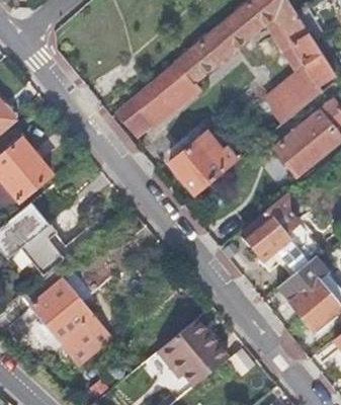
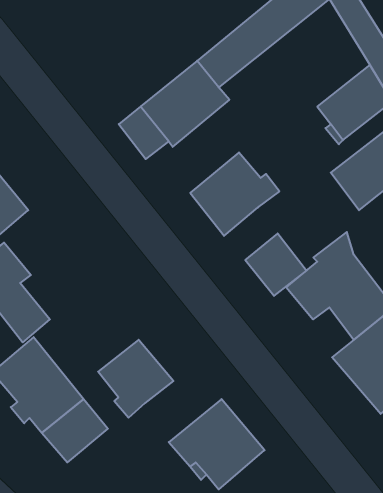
building: none -> [245,233,307,296]
building: none -> [98,340,173,418]

